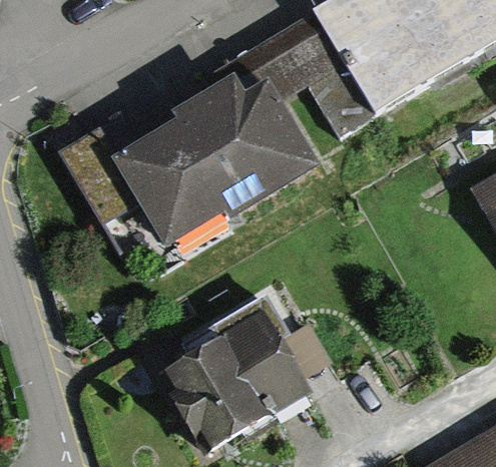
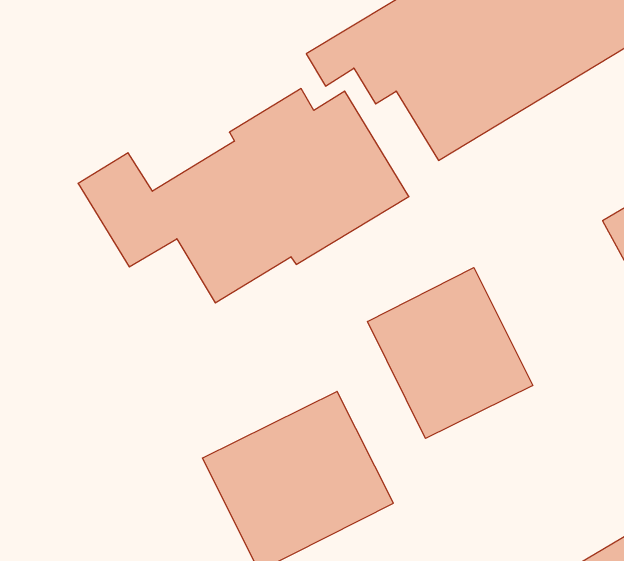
building: none -> [368,268,533,438]

